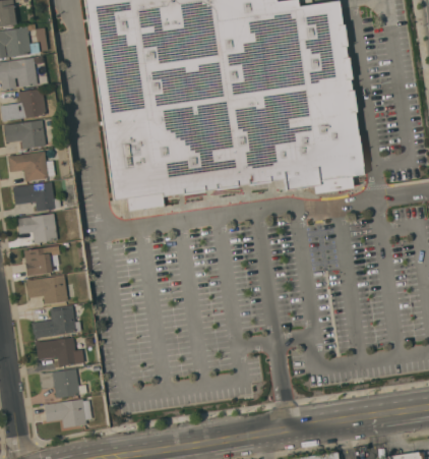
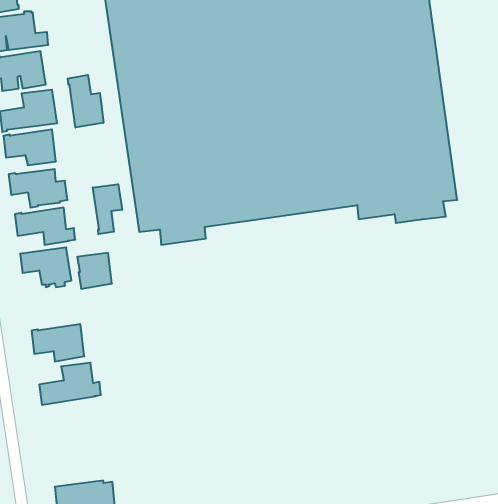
building: none -> [68,75,103,128]
building: none -> [93,184,122,234]
building: [24,246,52,275] -> [77,253,112,289]
building: [36,336,84,365] -> none
building: [40,367,87,397] -> none

